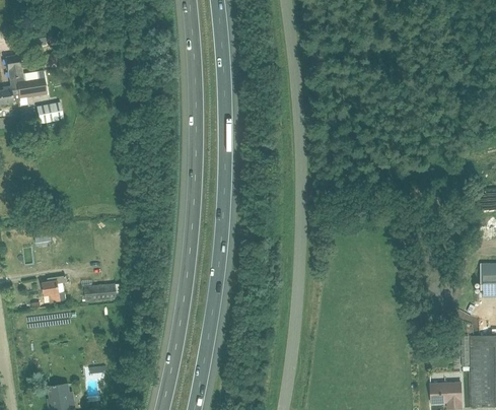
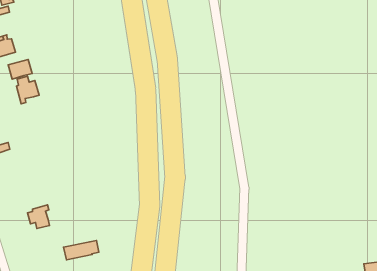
building: none -> [16,76,39,104]
building: [83,282,124,301] -> [64,240,99,260]

